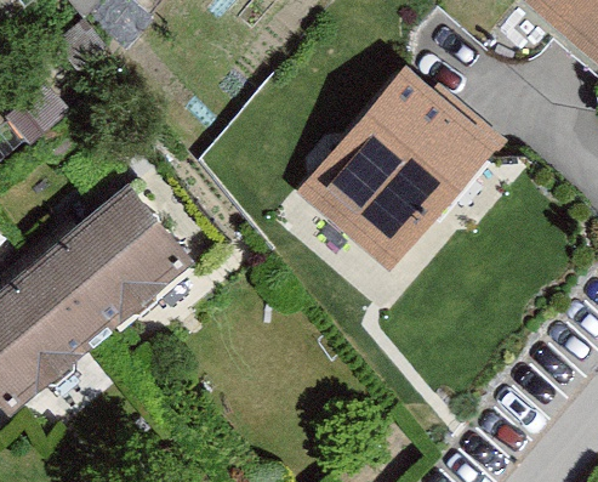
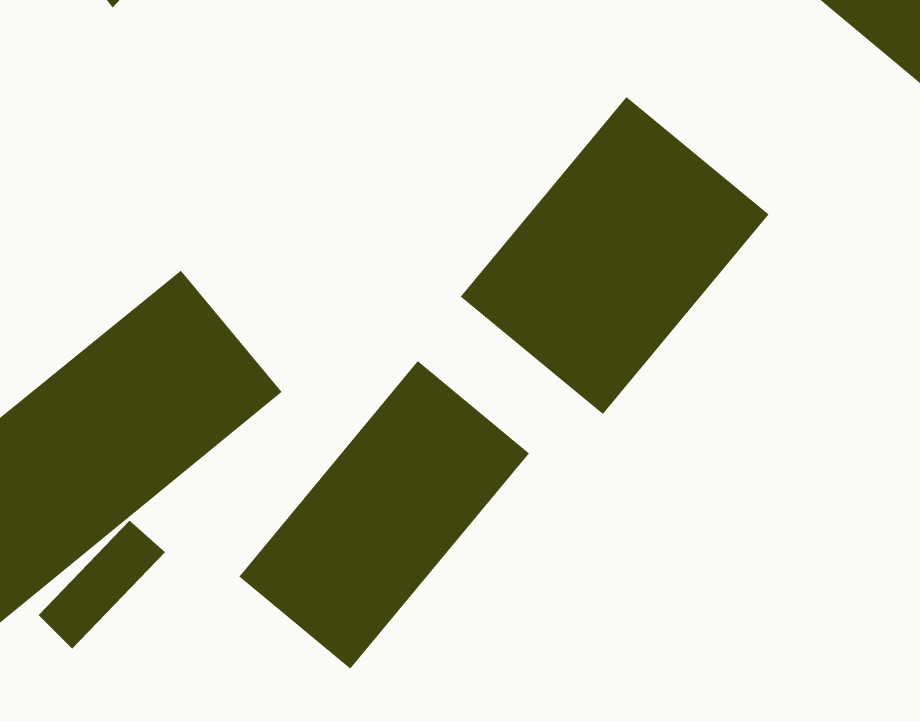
building: none -> [238,360,530,670]

